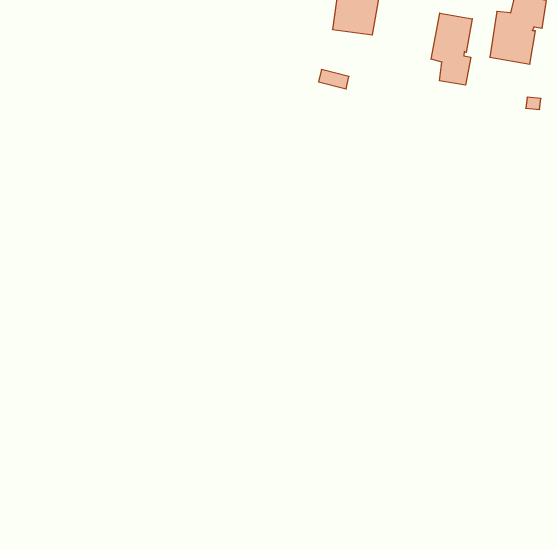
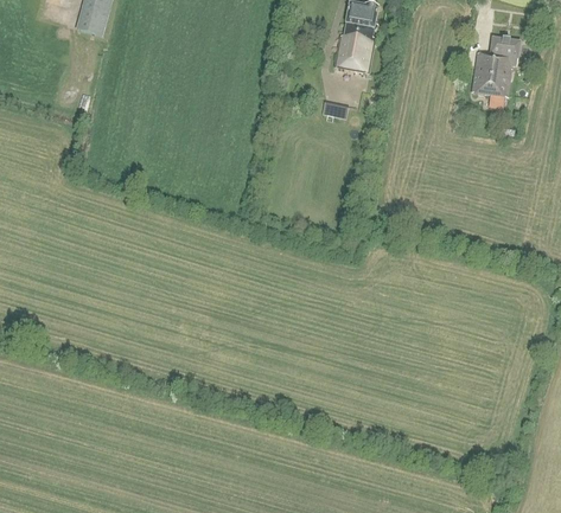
building: [431,13,472,85] -> none

